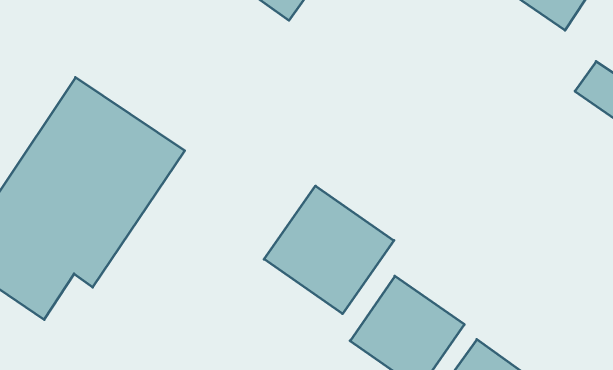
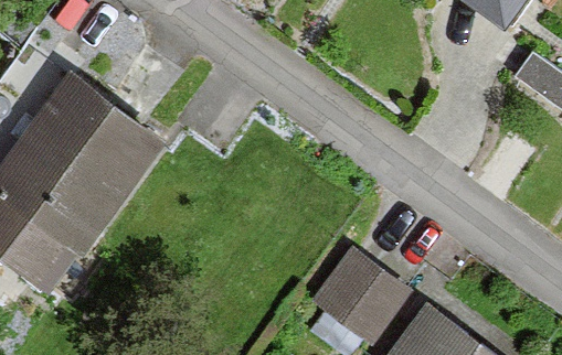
building: [264,186,394,314] -> none

